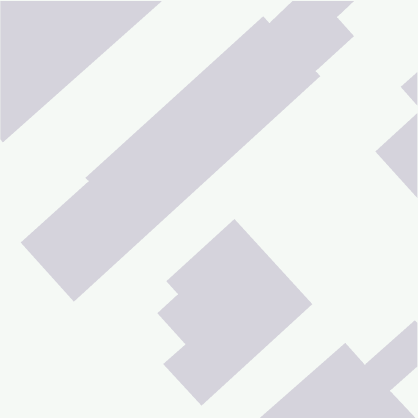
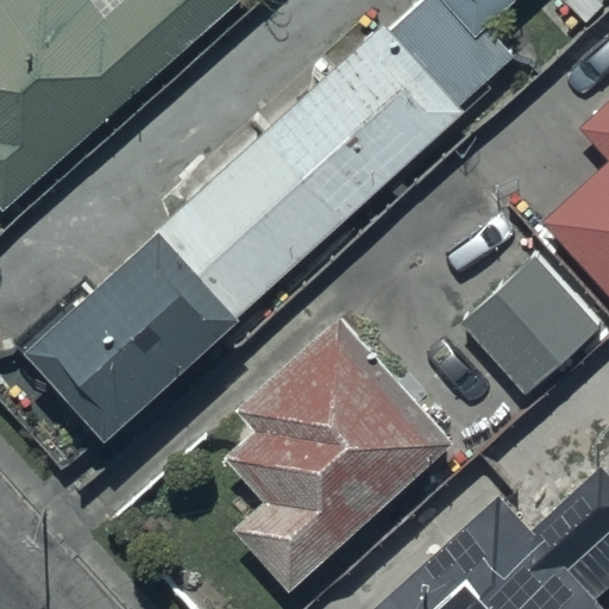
building: none -> [462,256,601,395]

